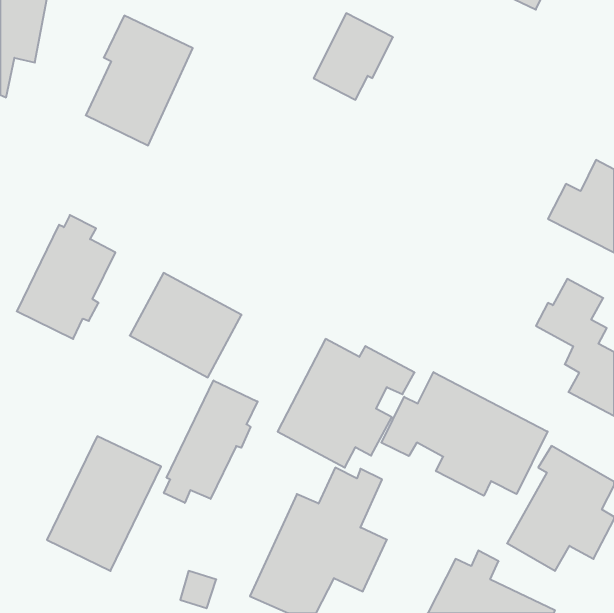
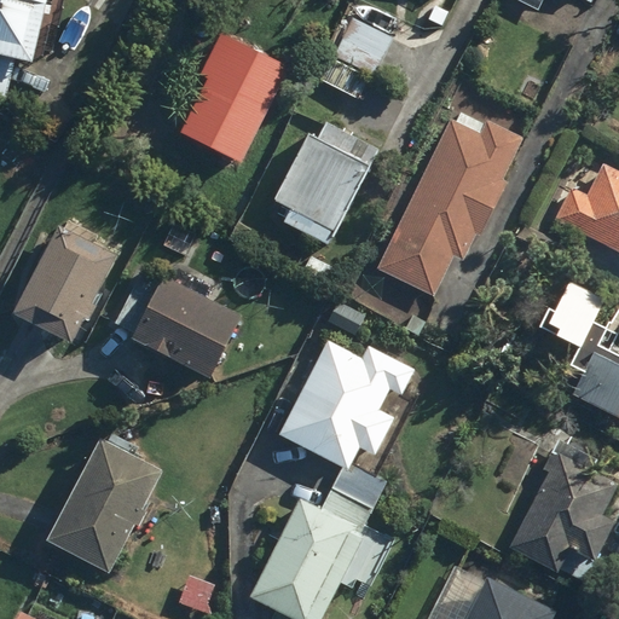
building: [86,16,193,145] -> [180,34,288,164]
building: none -> [363,111,525,297]
building: none -> [267,115,381,241]
building: [381,372,548,496] -> none
building: [164,380,258,503] -> none

